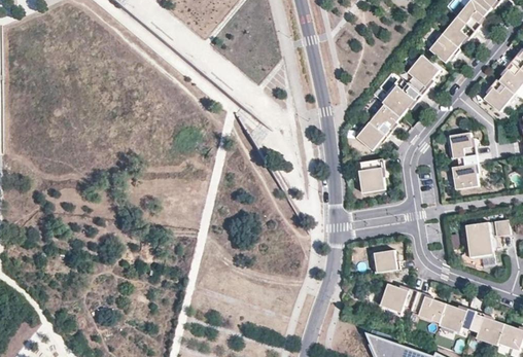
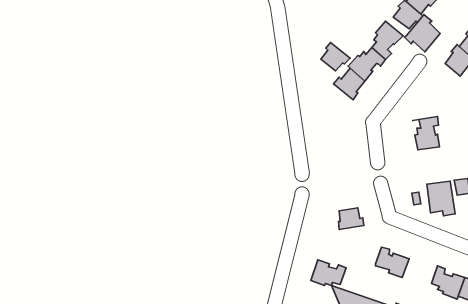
building: none -> [404,15,440,52]
building: [356,120,387,150] -> [321,42,350,71]
building: [449,133,476,158] -> none
building: [358,158,384,192] -> none
building: [380,283,417,310] -> [311,260,346,285]
building: [438,304,476,330] -> none

